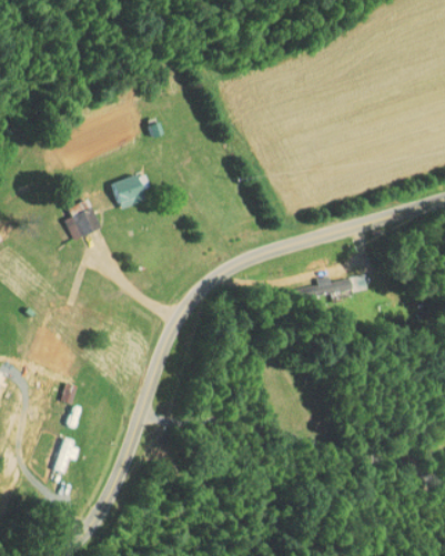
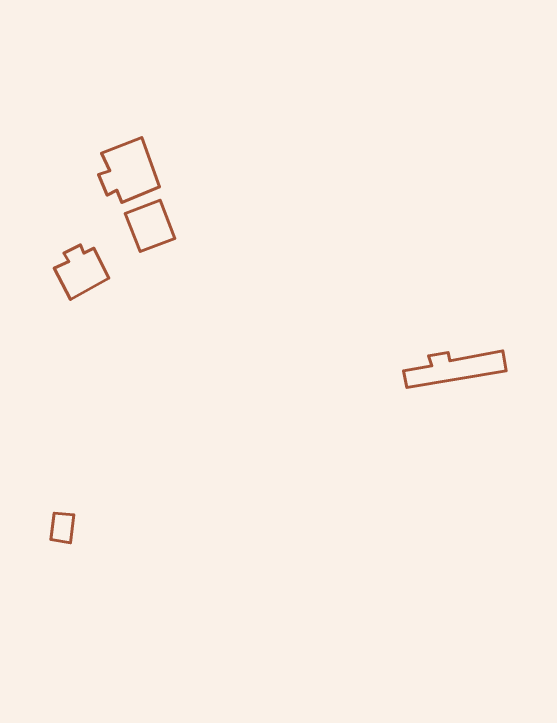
building: none -> [99,137,159,202]
building: [52,439,79,473] -> none

